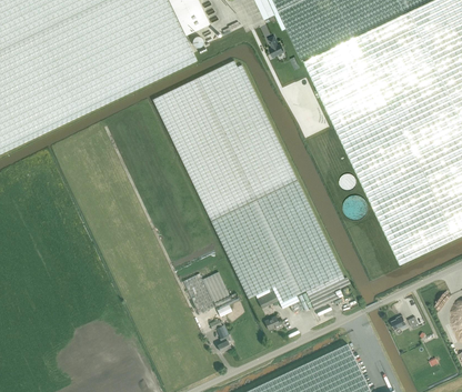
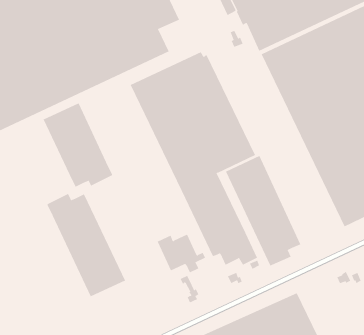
building: none -> [43,102,113,188]
building: none -> [46,193,126,297]

